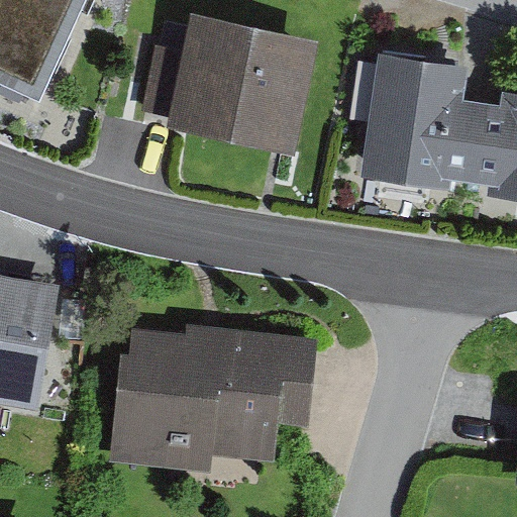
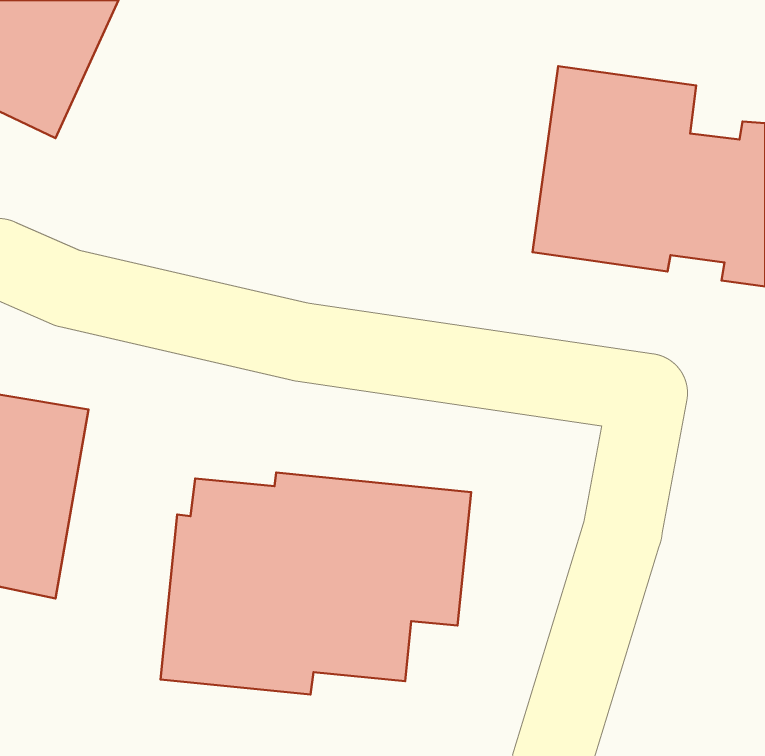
building: [141,11,318,153] -> none

